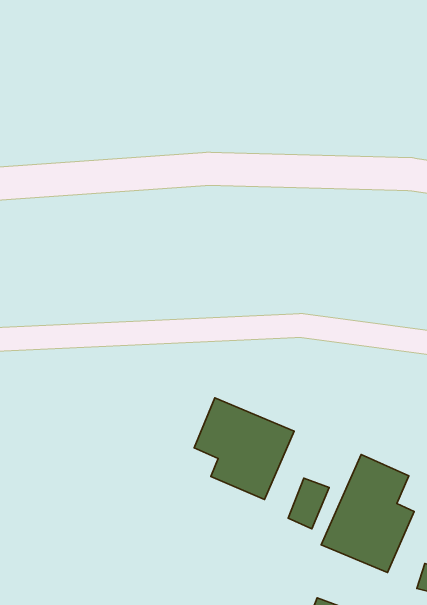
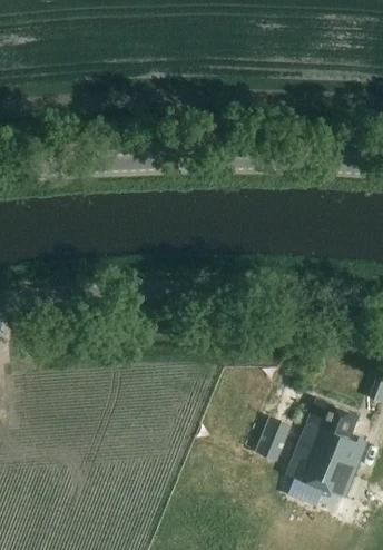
building: [194,398,294,499] -> none

